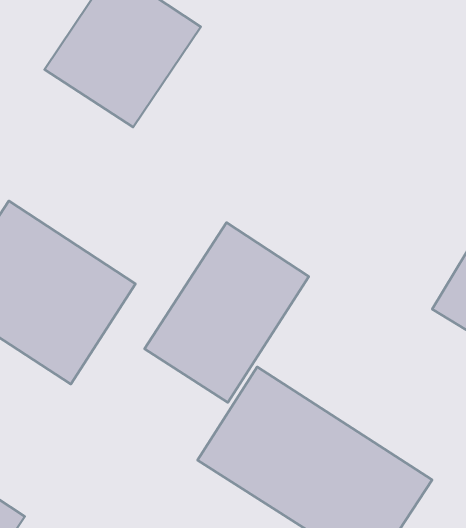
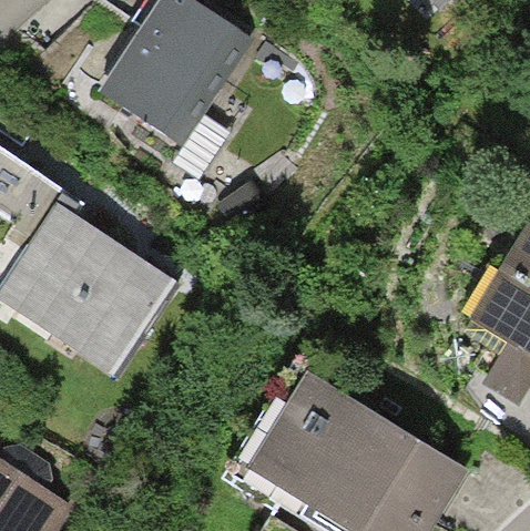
building: [145,223,309,402] -> none

